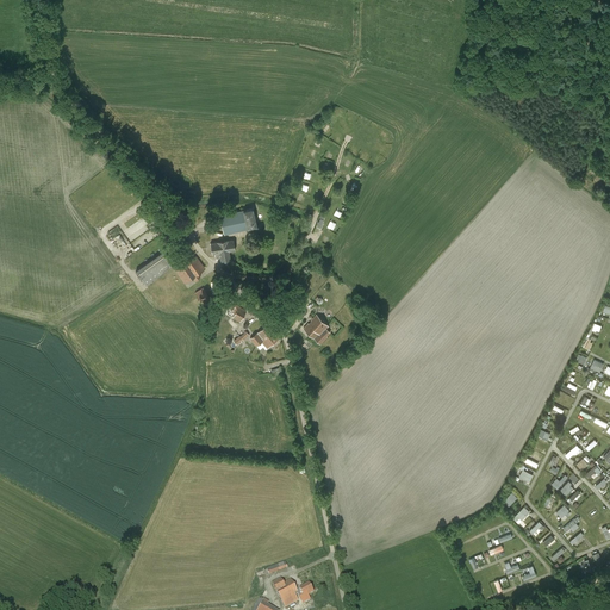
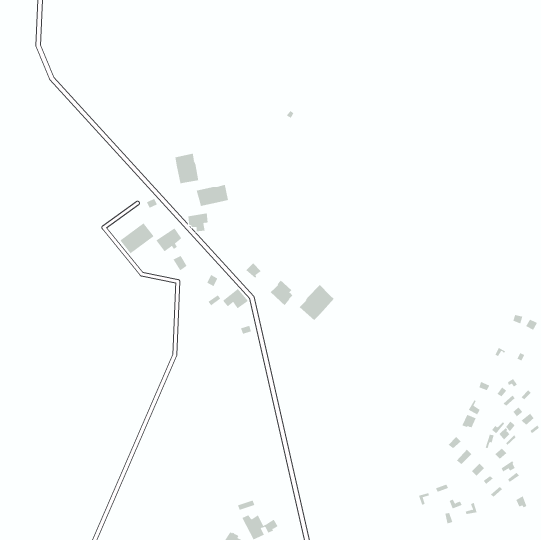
building: none -> [175,153,199,184]
building: none -> [299,284,335,321]

